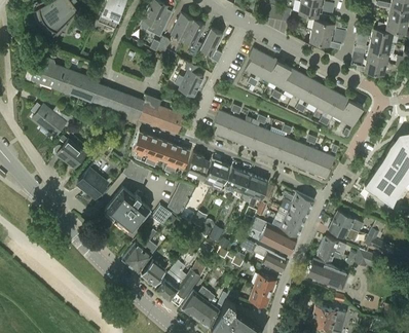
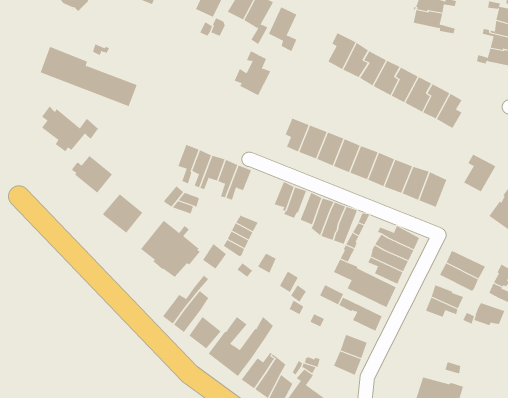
building: [98,87,184,135] -> none
building: [339,99,364,127] -> [463,154,496,192]
building: [186,153,210,179] -> none
building: [307,259,347,288] -> none

